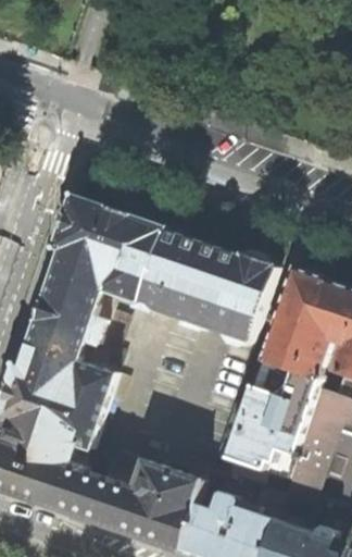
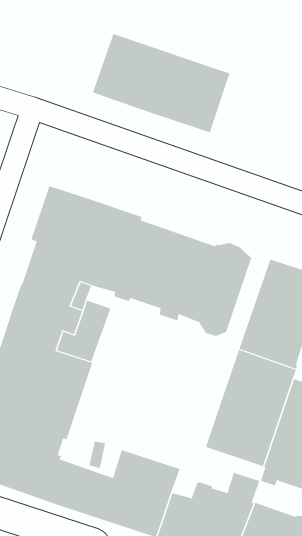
building: none -> [92,33,230,133]

